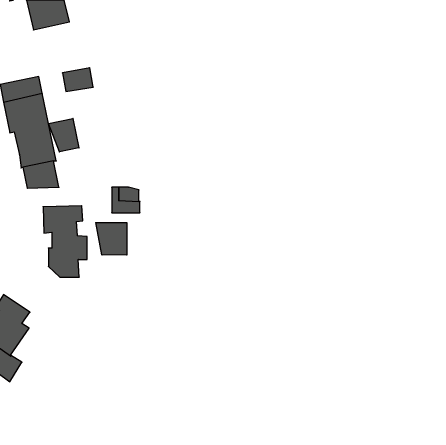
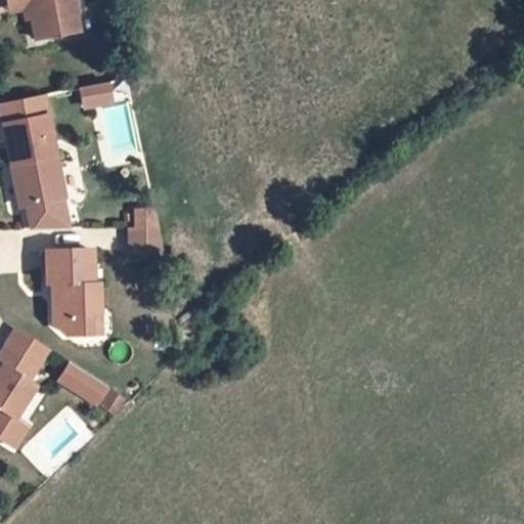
building: [49,118,79,152] -> none
building: [96,223,127,255] -> none
building: none -> [4,330,46,368]
building: none -> [51,364,104,409]

